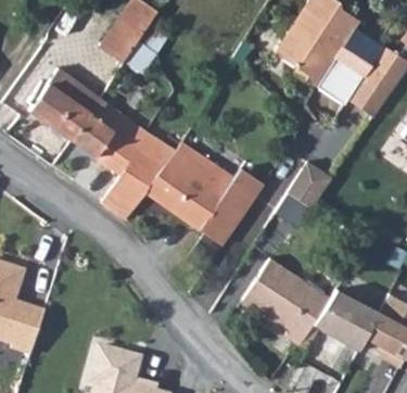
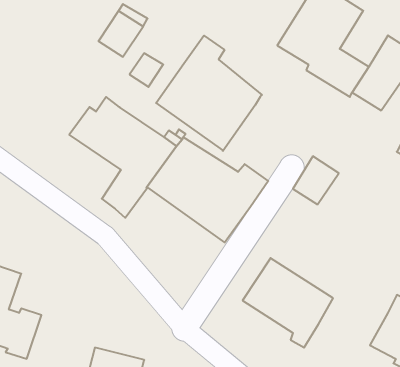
building: none -> [156,36,262,151]
building: [29,68,107,139] -> none
building: [314,286,381,350] -> none

